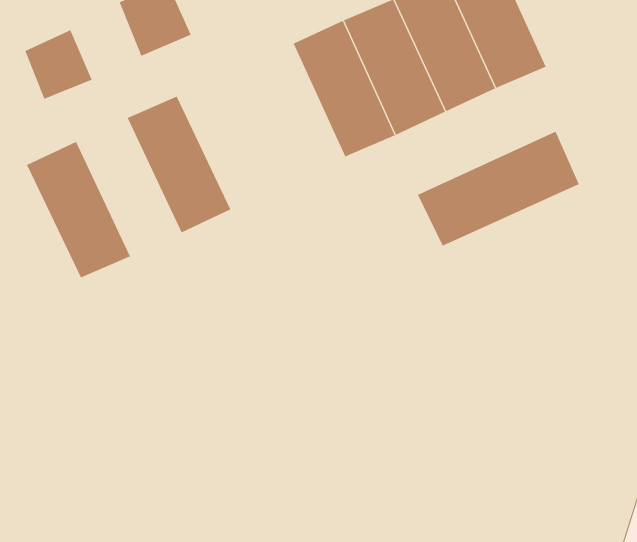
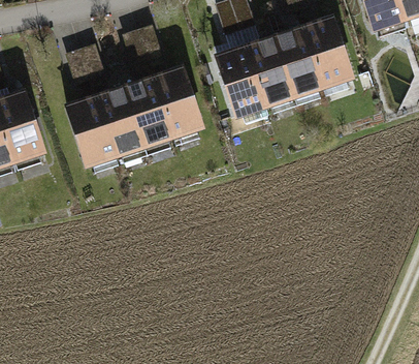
building: none -> [150,71,201,145]
building: none -> [94,91,146,165]
building: [417,131,579,247] -> none

